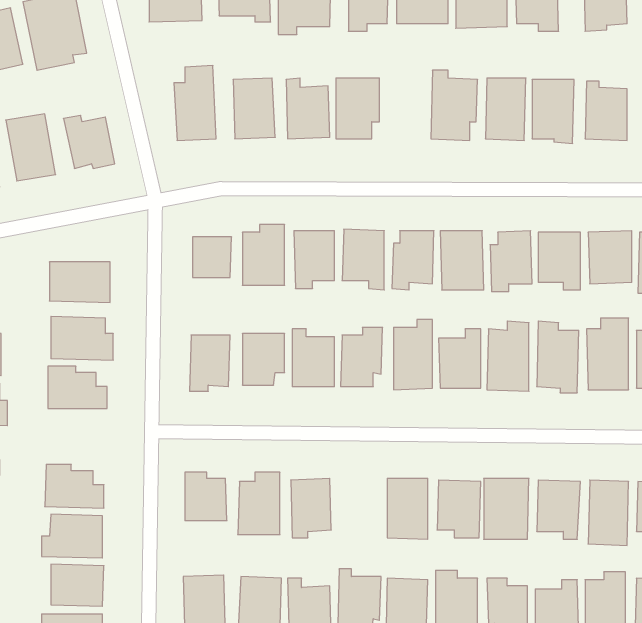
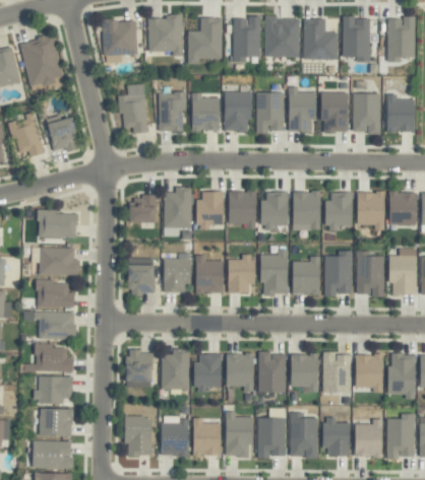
building: none -> [256,92,284,131]
building: none -> [34,311,76,340]
building: none -> [227,352,254,391]

